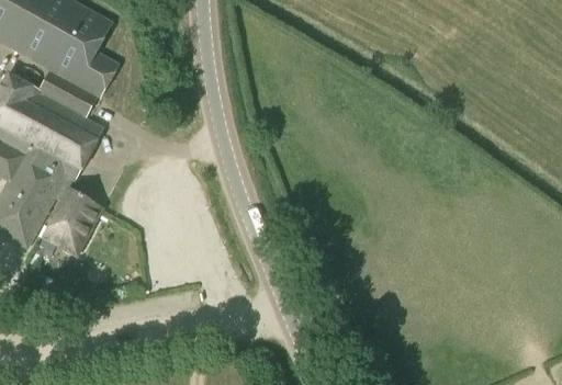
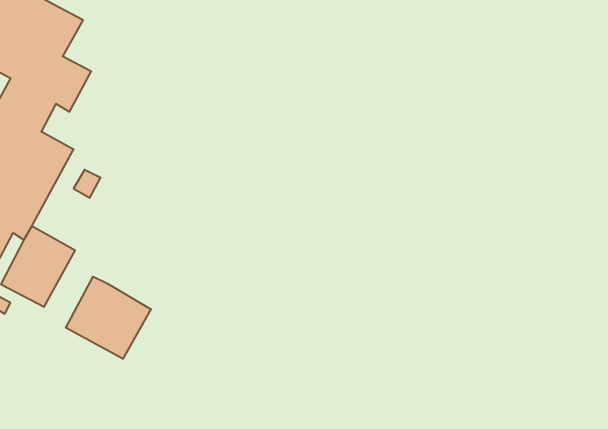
building: none -> [66,277,151,359]

